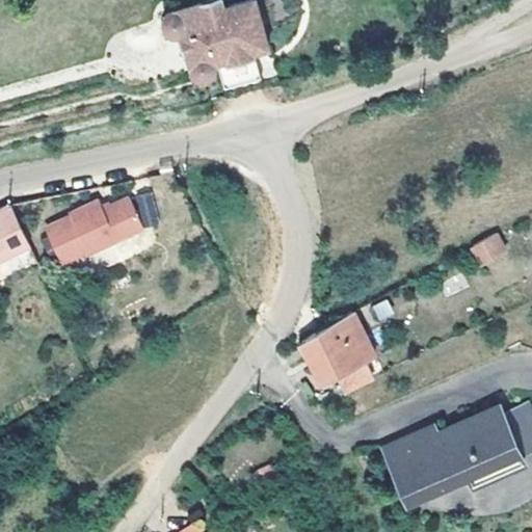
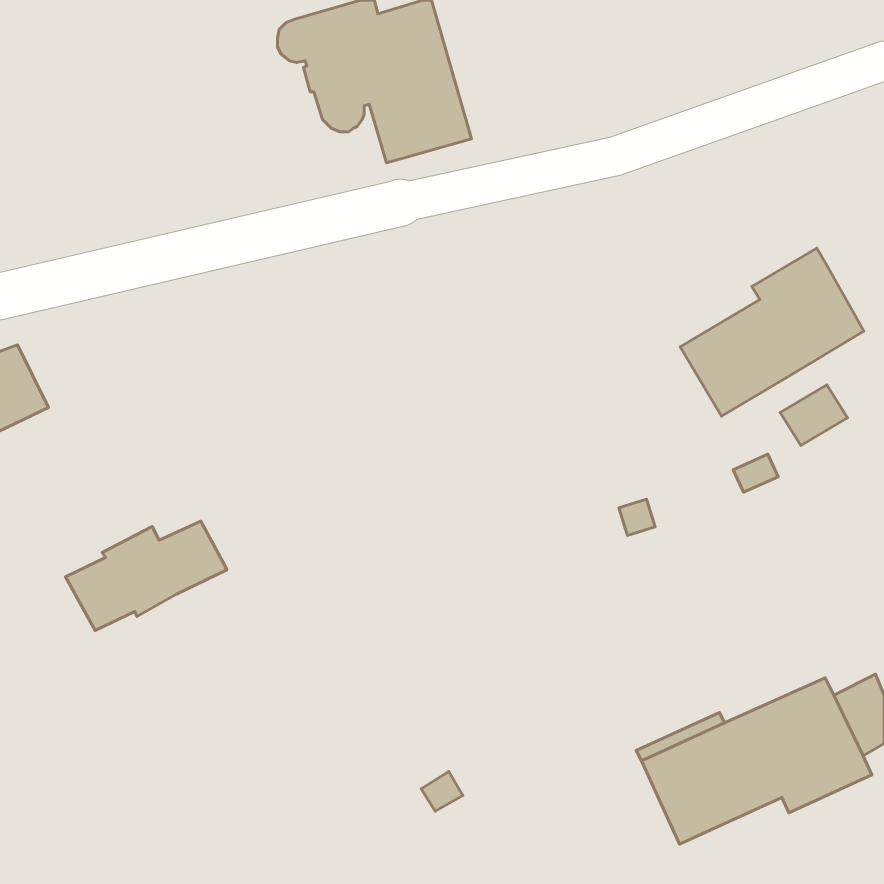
building: none -> [680,248,864,416]
building: [45,197,141,263] -> [66,521,227,630]
building: [297,316,374,389] -> none

